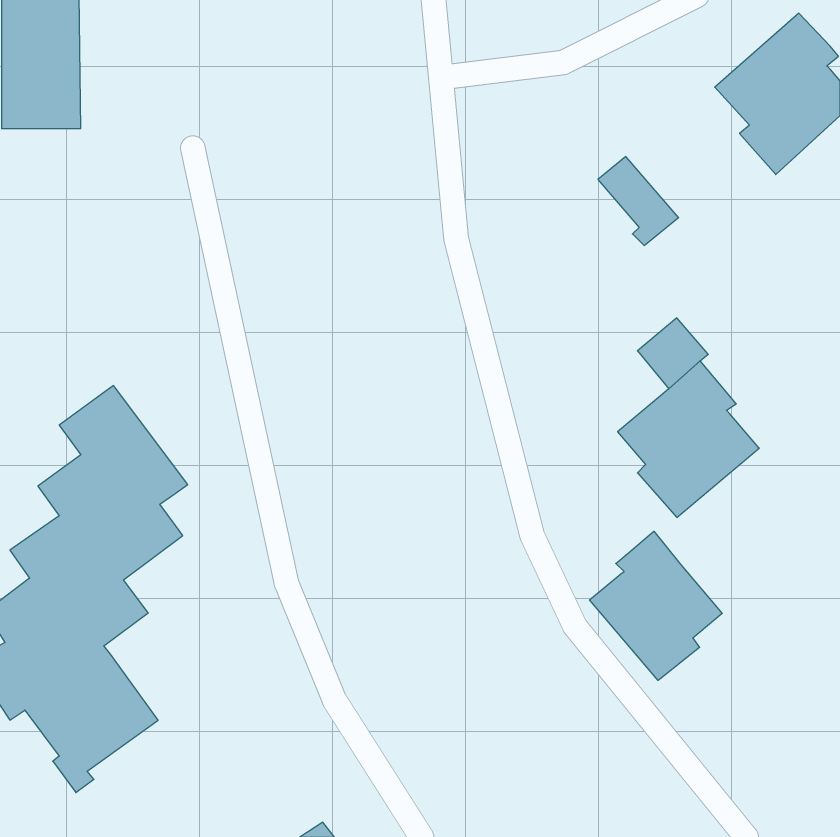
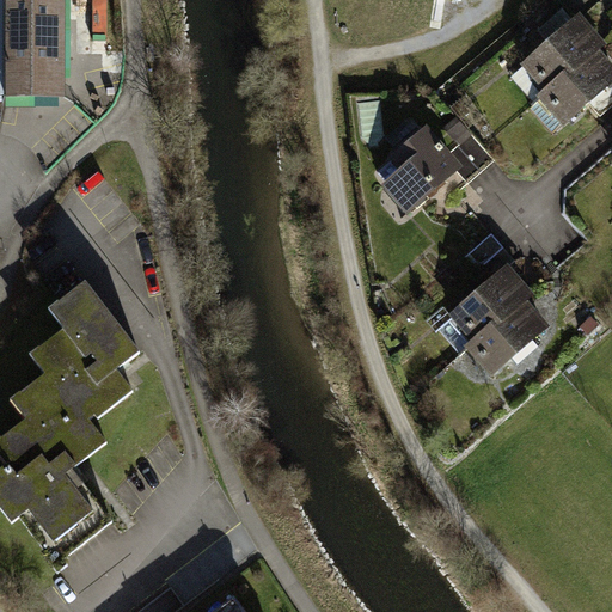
building: none -> [380,124,464,212]
building: [590,531,722,680] -> none

